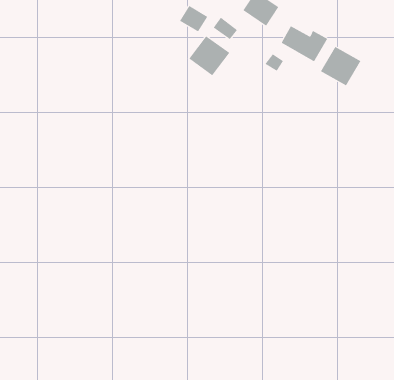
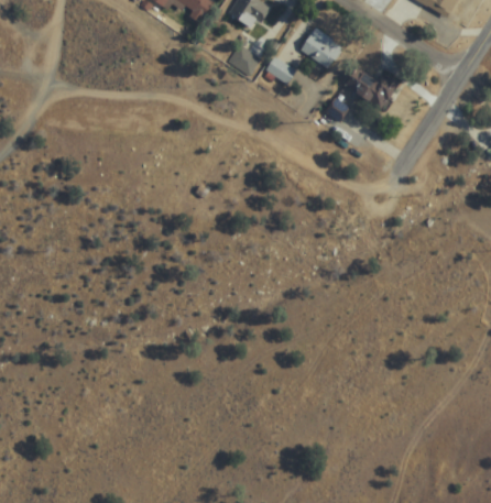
building: [189,35,230,76] -> none
building: [320,46,361,86] -> none

